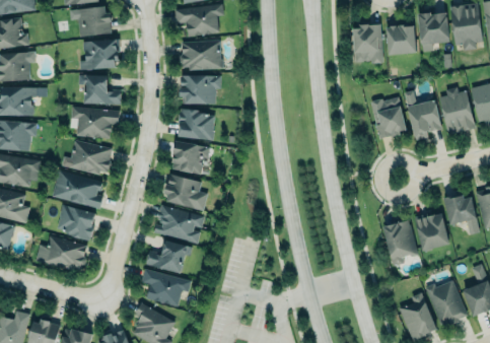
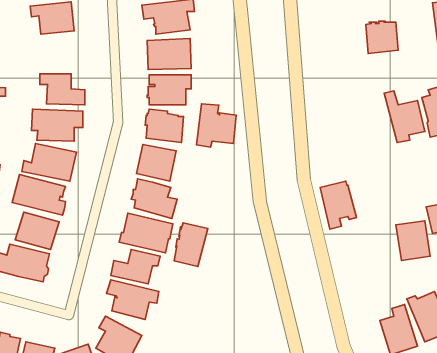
building: [418,12,449,52] -> none
building: [352,25,382,64] -> none
building: [79,40,118,70] -> none
building: [370,96,407,138] -> none
building: none -> [196,104,236,147]
building: none -> [174,223,208,267]
building: [383,220,418,266] -> [320,181,357,229]

